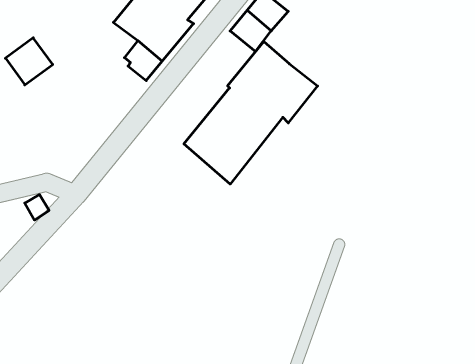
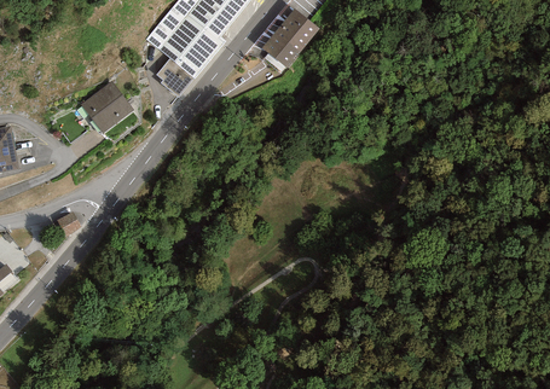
building: [5,38,53,85] -> [83,85,131,132]
building: [184,41,318,184] -> none

